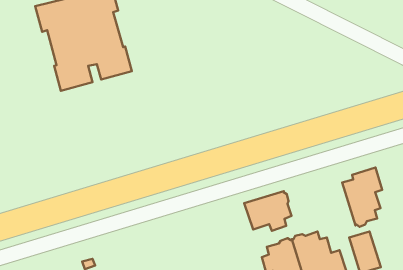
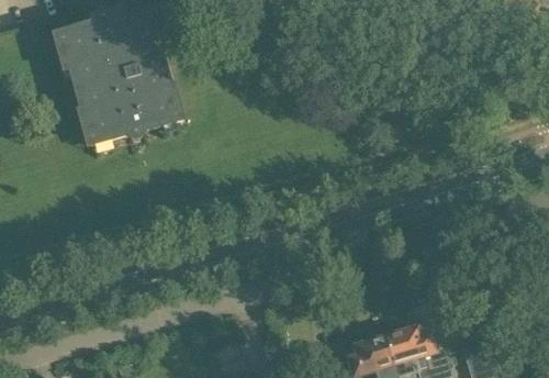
building: [342,167,382,227] -> none
building: [244,191,292,231] -> none

